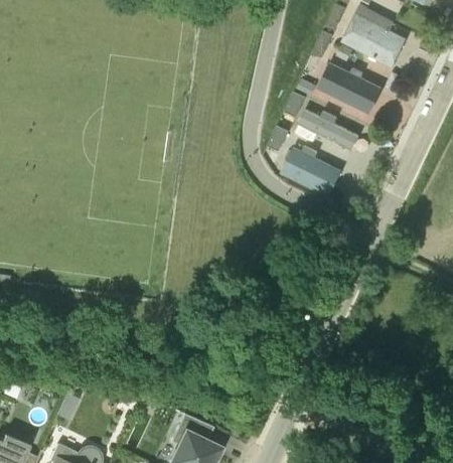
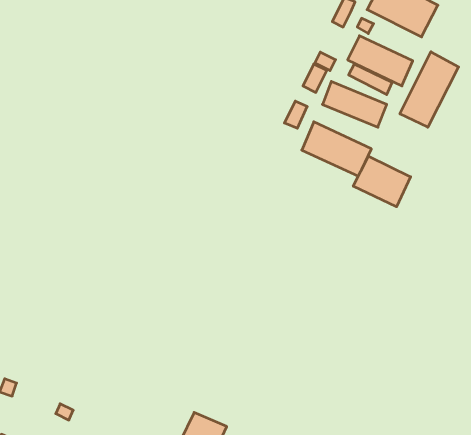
building: none -> [400,52,459,127]
building: none -> [353,156,411,207]

